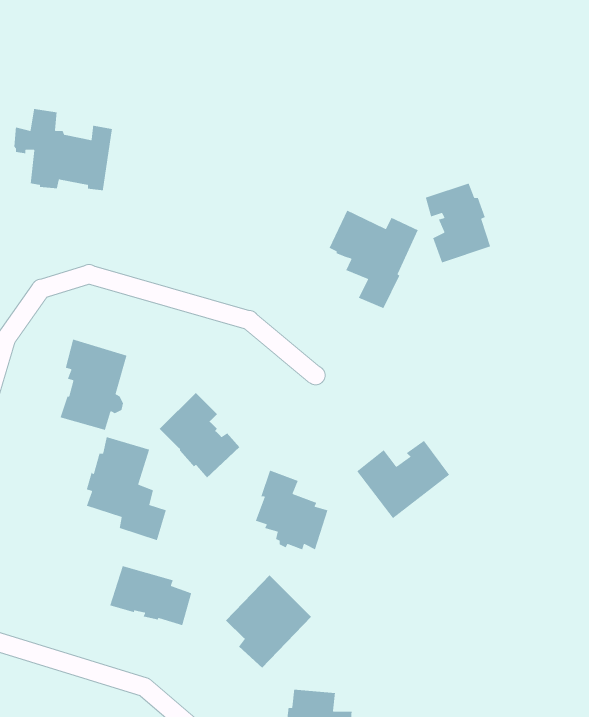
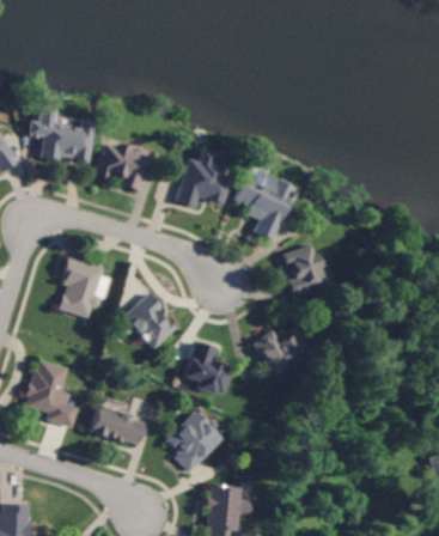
building: none -> [97,142,147,189]
building: none -> [175,147,230,205]
building: [425,182,491,264] -> [282,243,325,296]
building: [86,436,167,541] -> [28,359,80,427]

